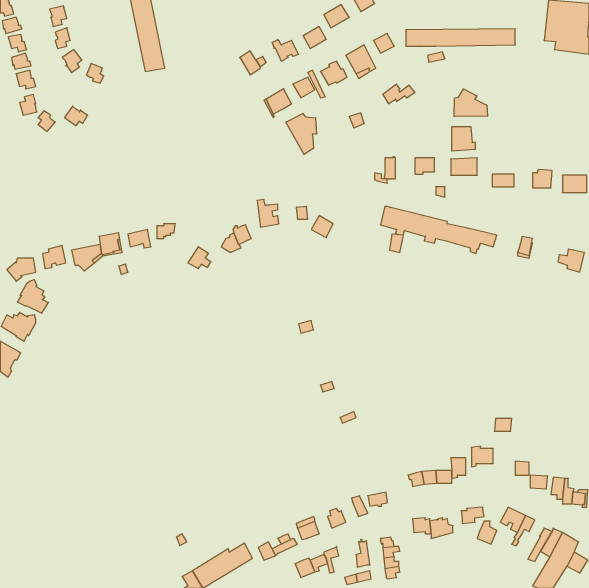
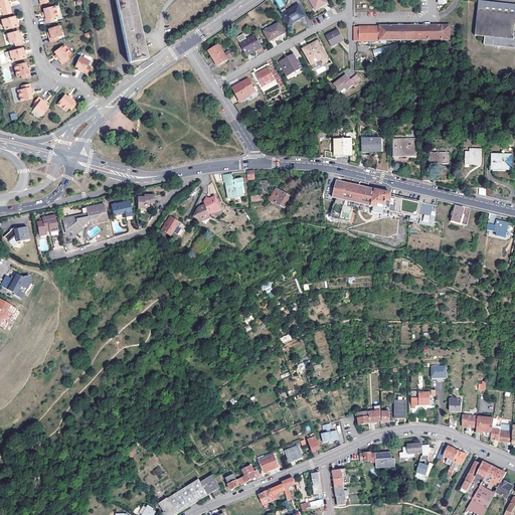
building: [454,89,488,117] -> none
building: [286,113,316,155] -> none
building: [452,127,475,151] -> none
building: [18,280,48,313] -> none

